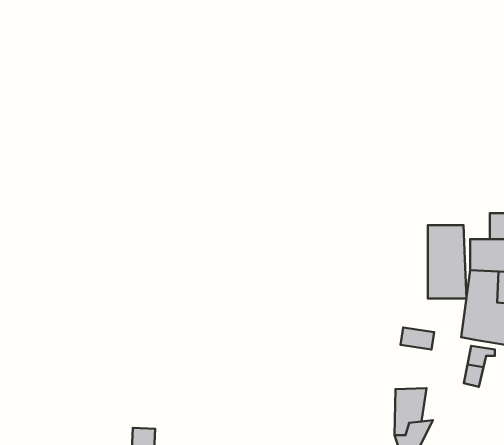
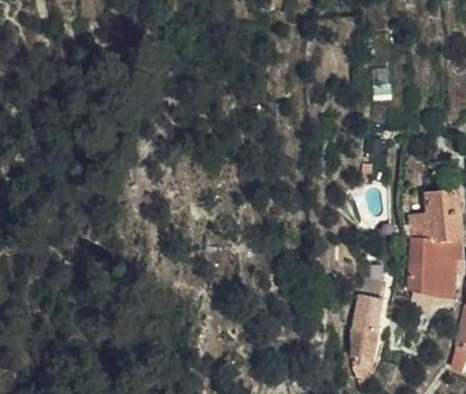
building: [428,225,466,299] -> none
building: none -> [350,296,381,332]

